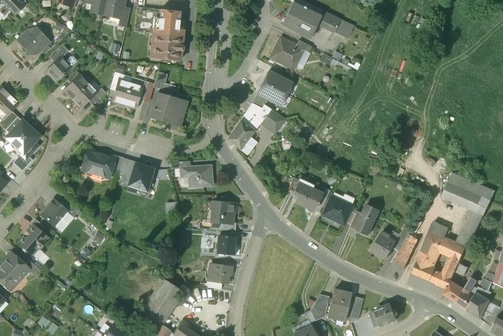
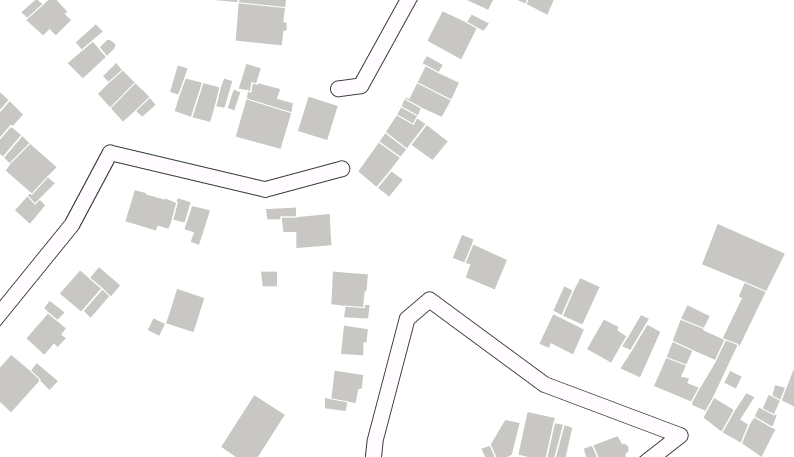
building: none -> [297,96,338,141]
building: [128,163,153,191] -> [165,288,205,333]
building: [322,196,351,222] -> [538,314,585,355]

